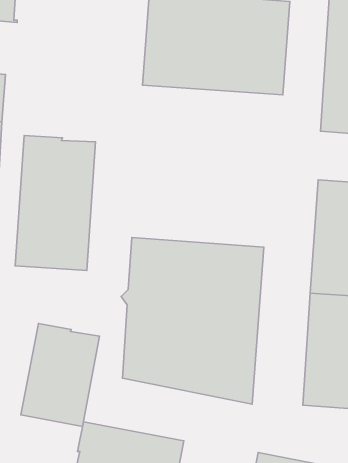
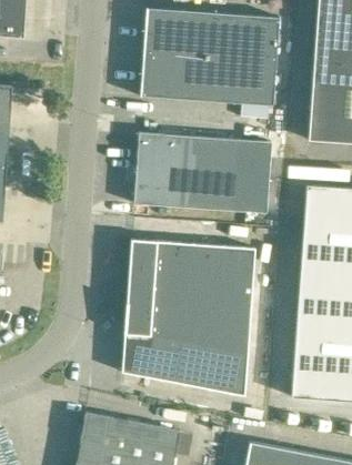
building: none -> [133,133,271,213]
building: [15,136,95,270] -> none
building: [21,324,100,427] -> none

